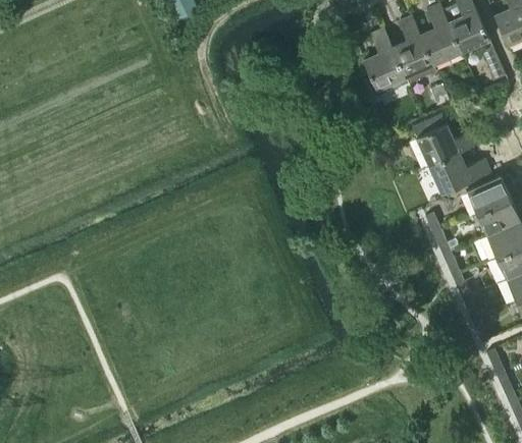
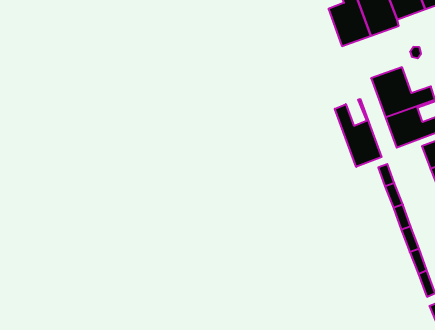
building: none -> [335,99,382,167]

